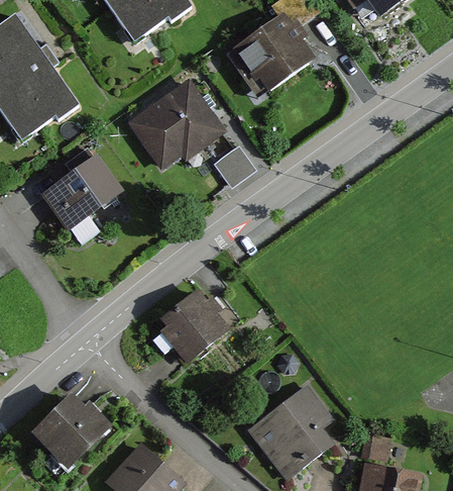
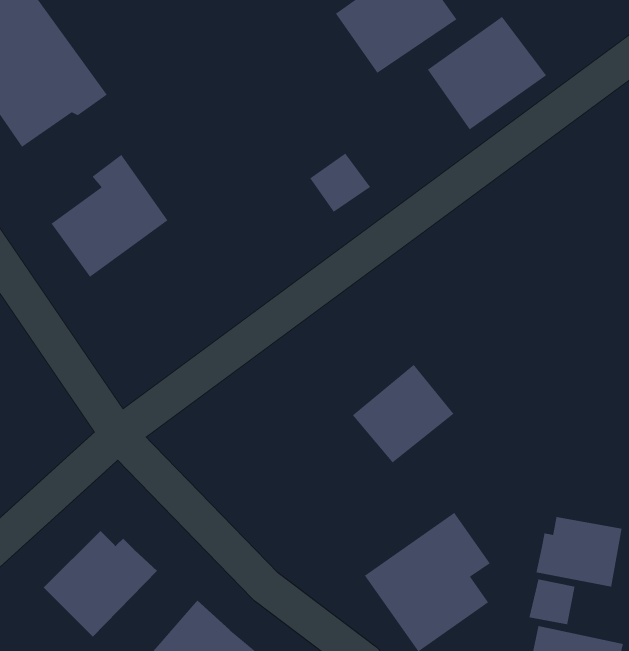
building: none -> [427,16,547,130]
building: [127,80,222,170] -> none
building: [156,292,225,359] -> [352,364,455,464]
building: none -> [536,516,622,587]

